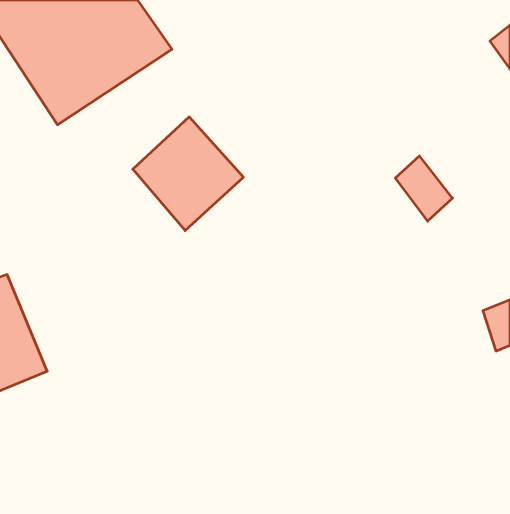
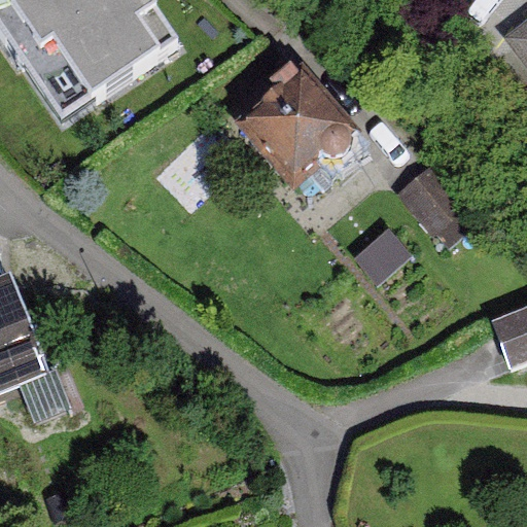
building: [133,117,243,231] -> [243,64,356,180]

